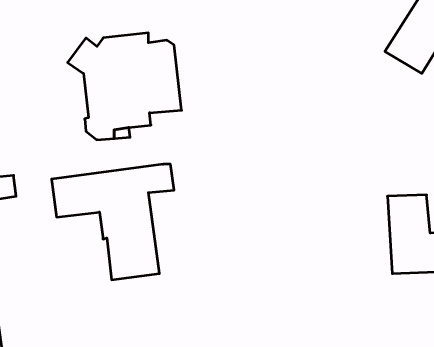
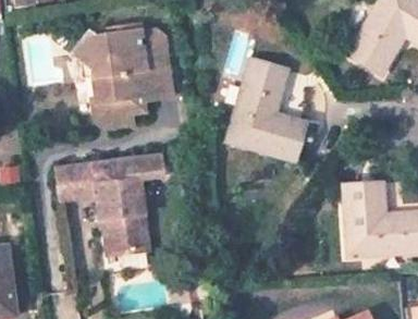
building: none -> [231,58,312,160]

